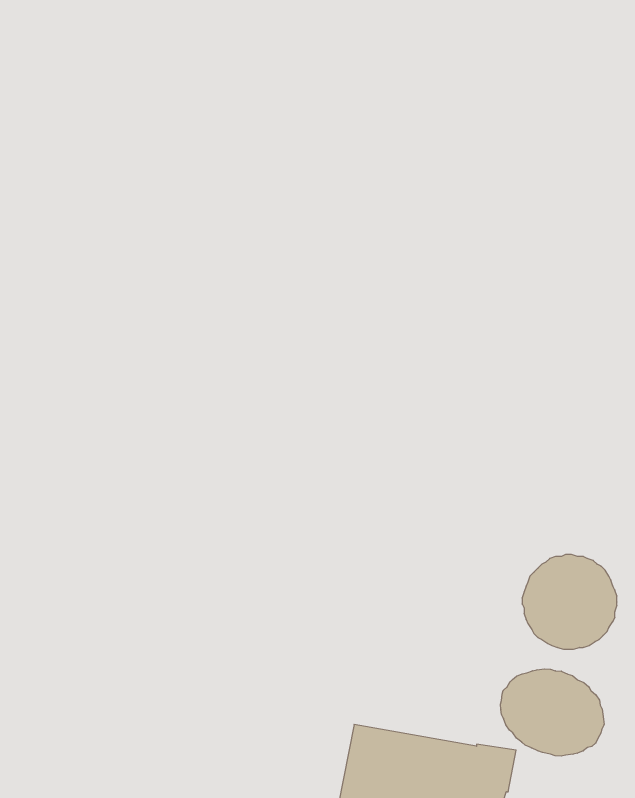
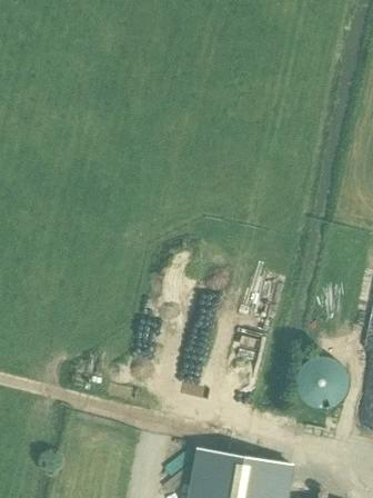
building: [500,669,604,756] -> none

